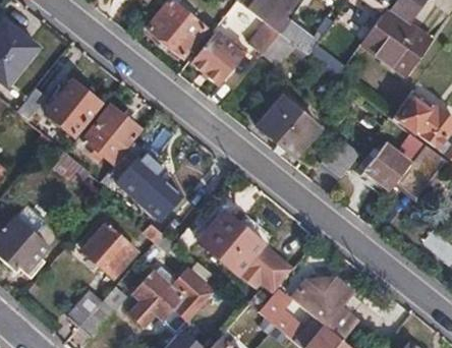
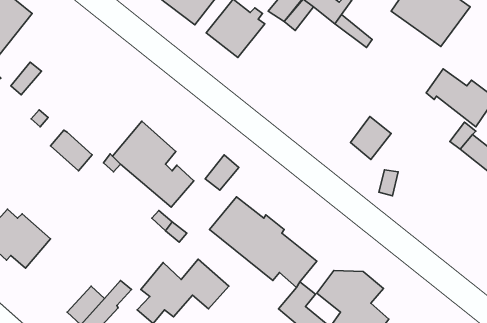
building: [47,79,101,135] -> none
building: [260,98,319,155] -> none
building: [86,106,142,163] -> none
building: [365,144,410,190] -> none
building: [83,224,136,277] -> none

